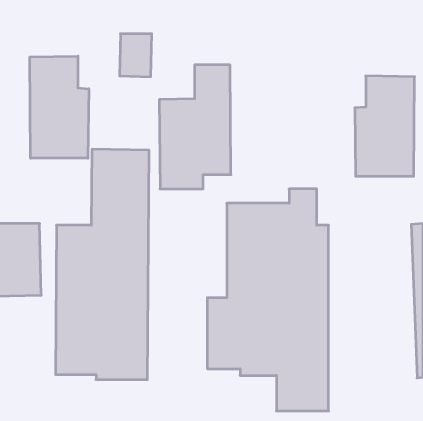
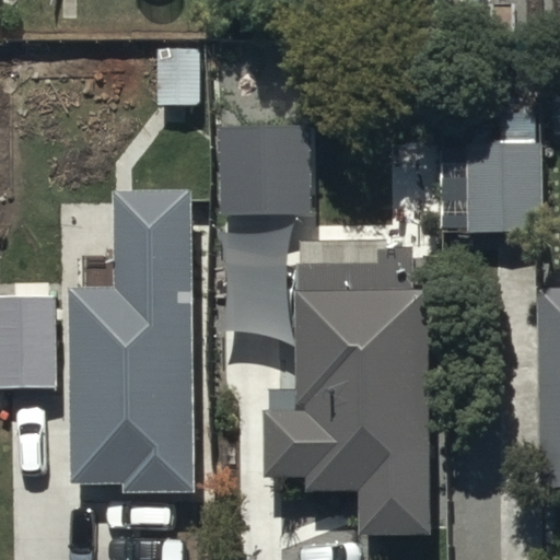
building: [30,56,89,158] -> none

